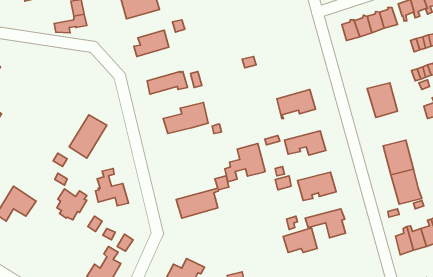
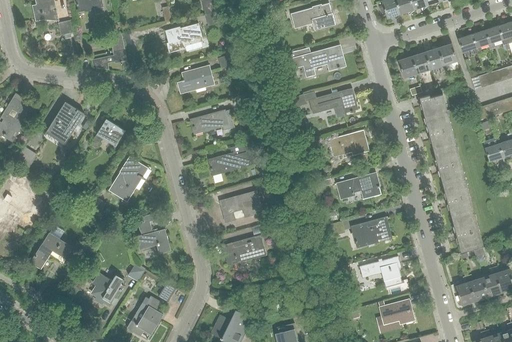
building: none -> [283,45,345,77]
building: none -> [309,88,358,116]
building: none -> [417,93,449,128]
building: none -> [43,102,82,147]
building: none -> [91,119,125,147]
building: none -> [434,152,466,189]
building: [225,143,265,182] -> [222,181,265,222]
building: [57,189,87,220] -> [92,273,124,306]
building: [283,228,317,252] -> [379,298,415,324]

